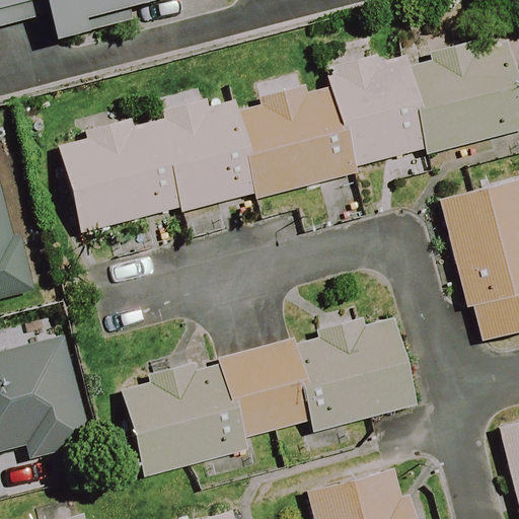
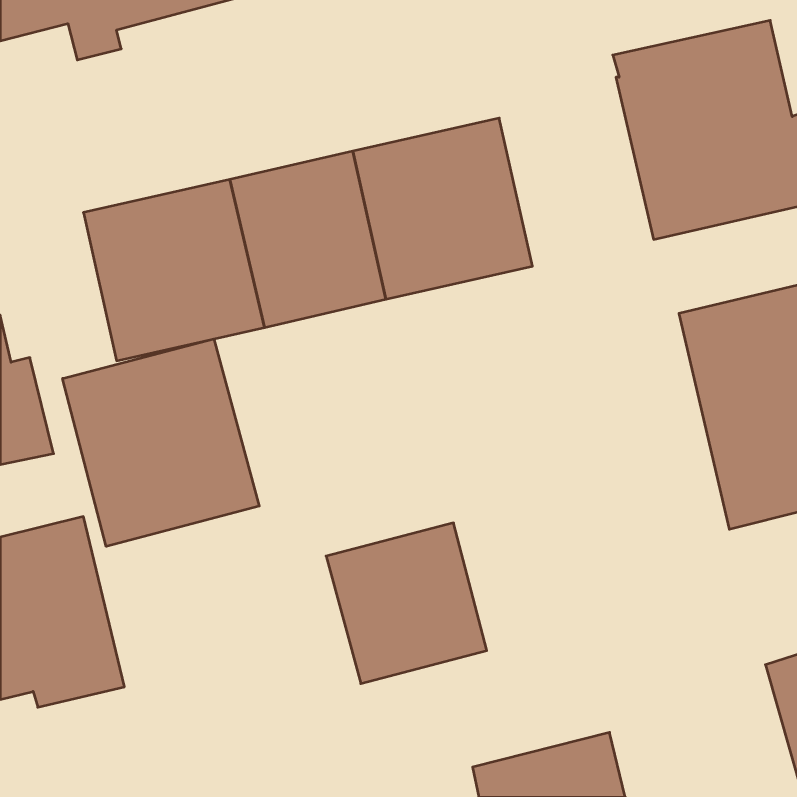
building: [325,50,426,171] -> none
building: none -> [63,339,259,546]
building: [297,311,417,430] -> none
building: [120,358,240,476] -> none

